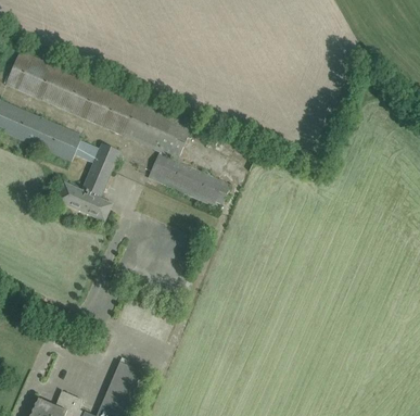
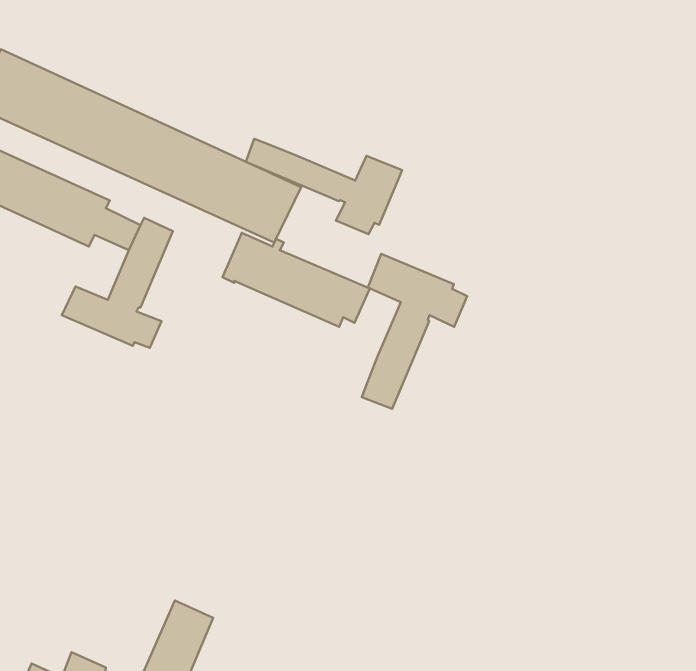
building: none -> [246,139,402,234]
building: none -> [362,254,467,409]

